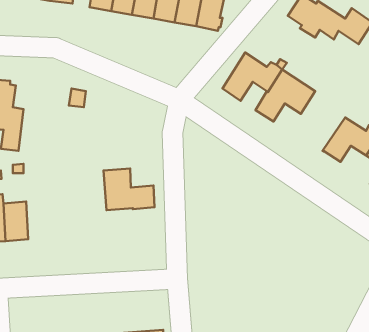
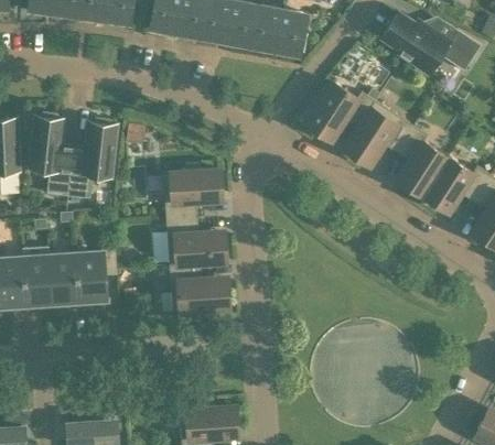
building: none -> [66,119,116,198]
building: none -> [396,127,448,196]
building: none -> [162,164,220,219]
building: none -> [75,248,116,300]
building: none -> [169,263,228,312]

